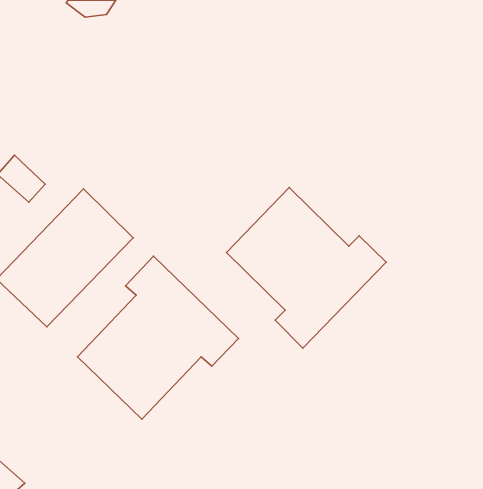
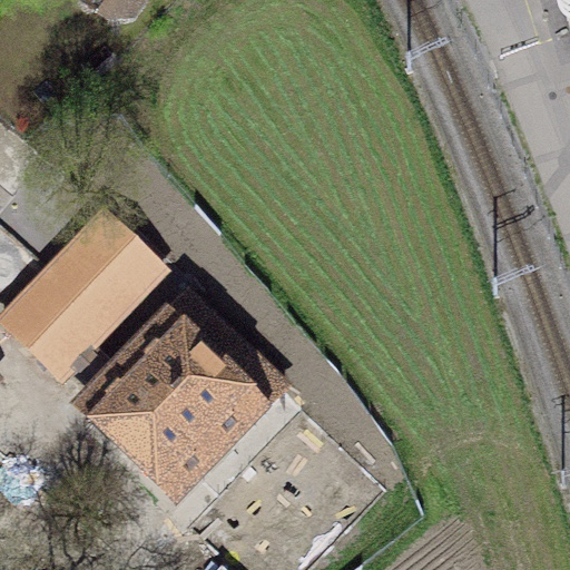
building: [226,187,386,348] -> none

